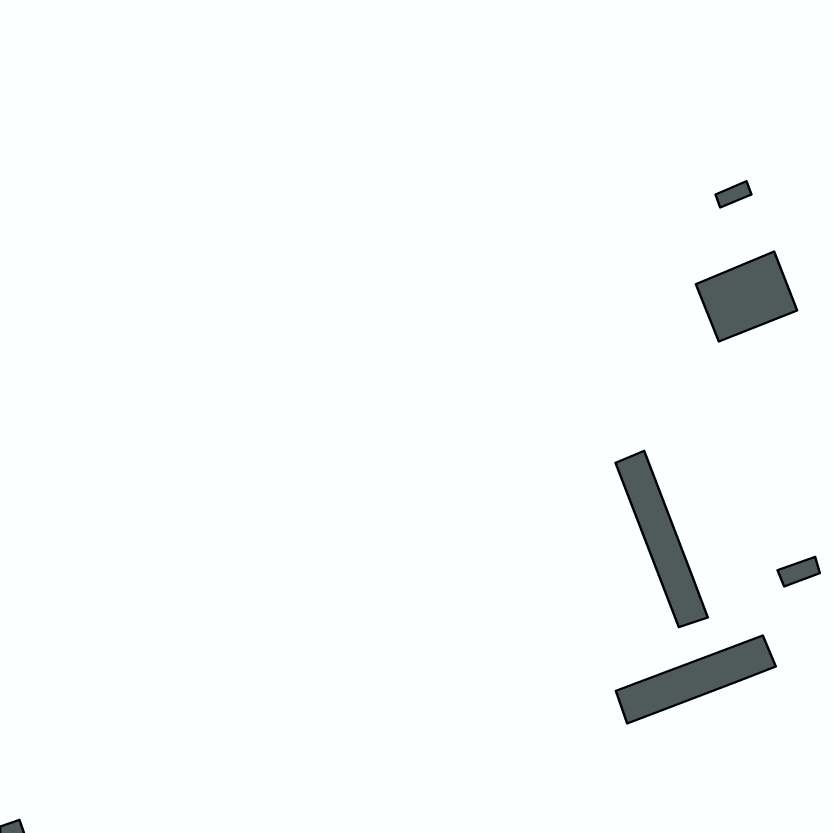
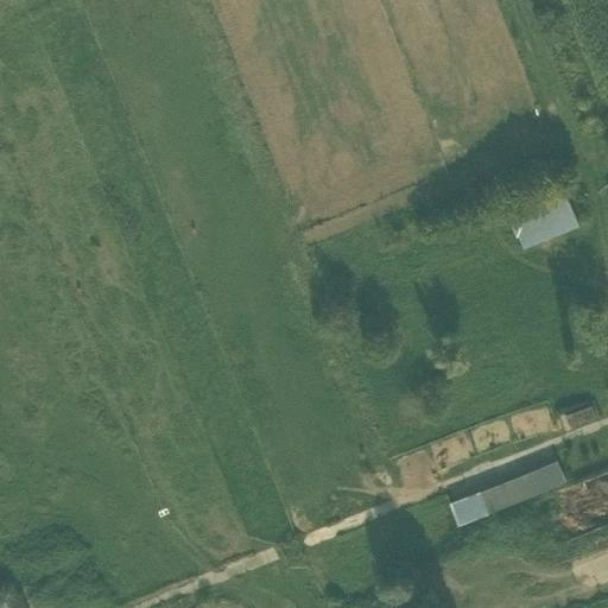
building: [616,451,708,627] -> none

